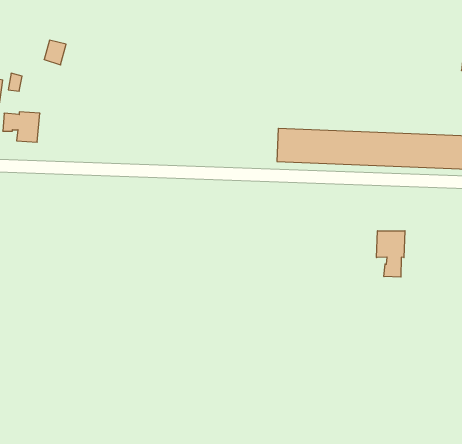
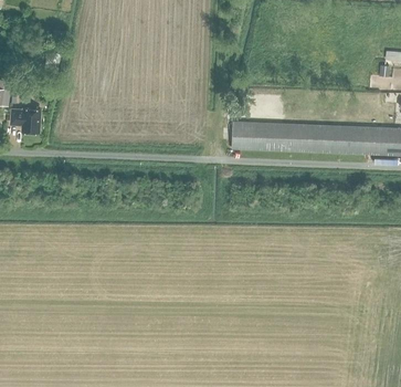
building: [377,231,405,277] -> none

